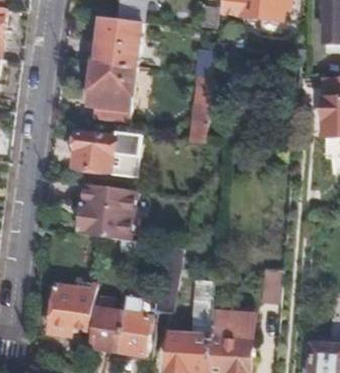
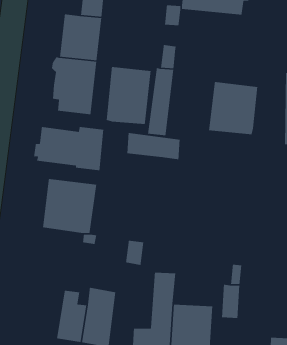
building: none -> [106,66,152,125]
building: none -> [208,81,258,135]
building: none -> [126,132,181,160]
building: [46,280,97,337] -> none

